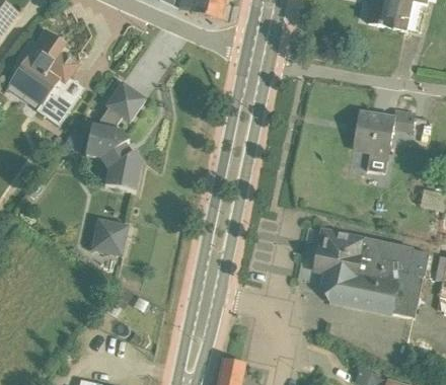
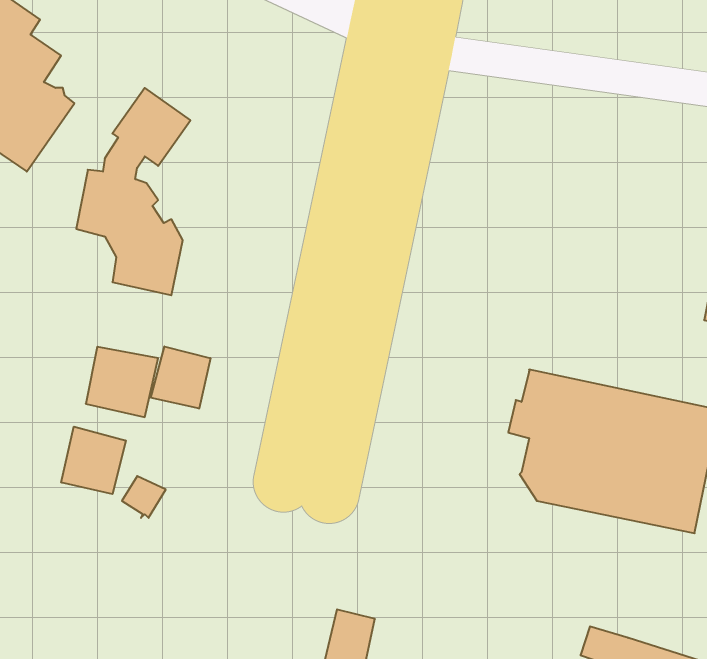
building: [353,109,415,163] -> none
building: none -> [151,346,210,409]
building: none -> [61,427,126,494]

